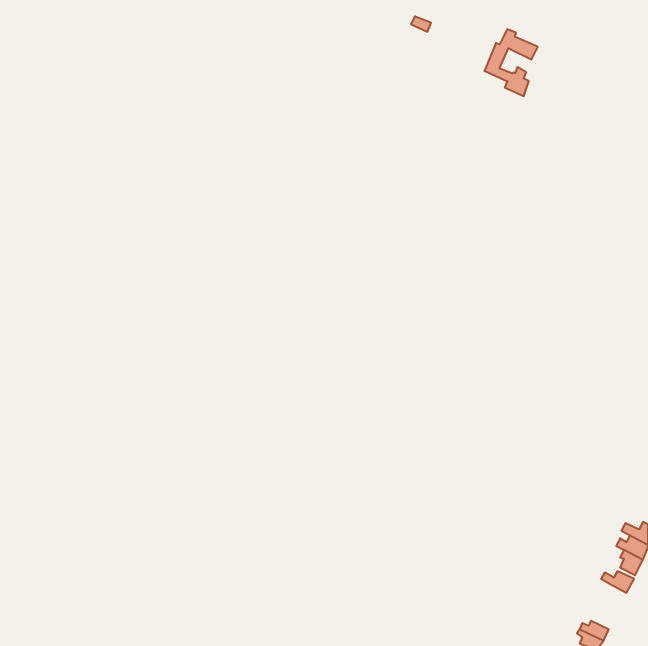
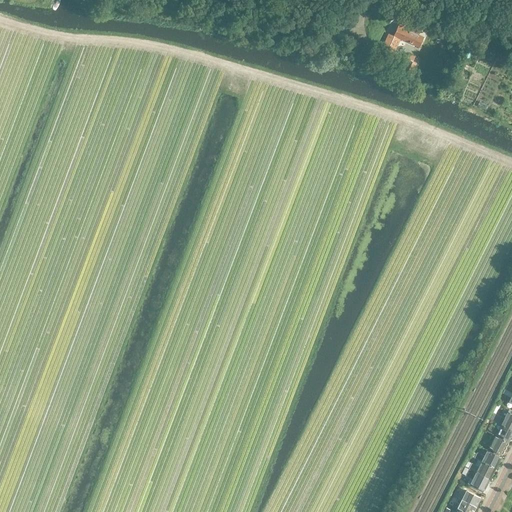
building: none -> [465,462,494,490]

